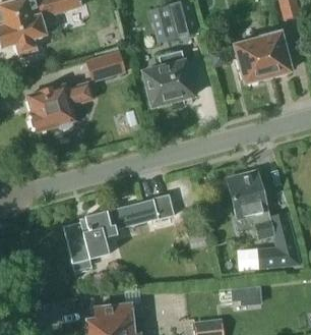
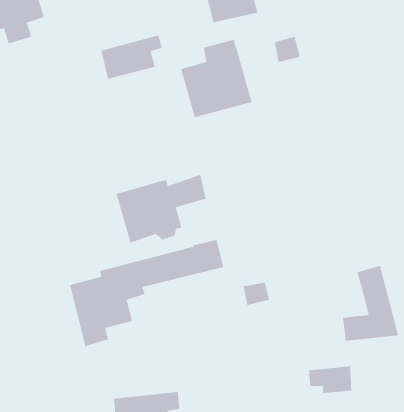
building: [236,32,290,82] -> none
building: [27,81,92,131] -> [115,174,207,243]
building: [227,172,273,240] -> none

